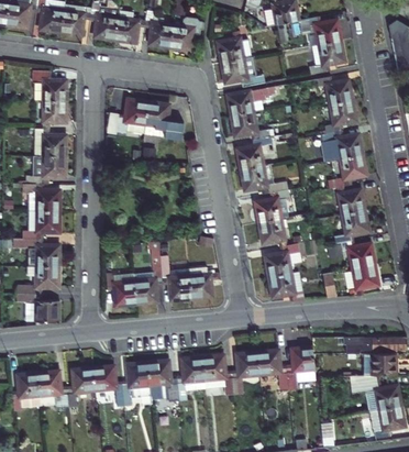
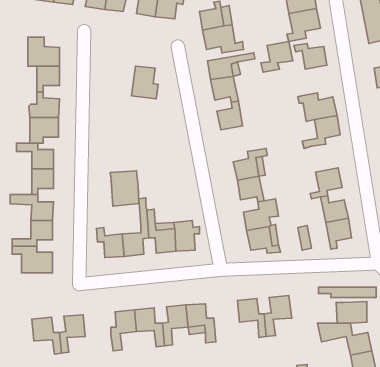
building: [115,98,147,133] -> none
building: [322,100,356,133] -> [261,41,293,72]
building: [239,165,287,194] -> none
building: [335,186,364,214] -> none
building: none -> [110,171,139,206]
building: [231,352,258,396] -> none
building: [91,365,121,390] -> none
building: [10,372,38,410] -> none

